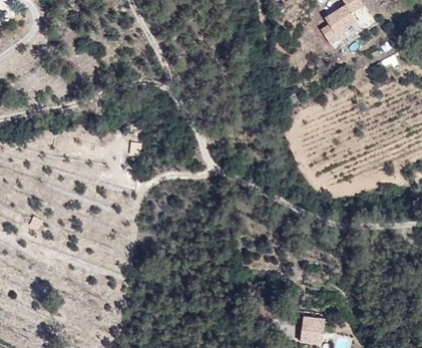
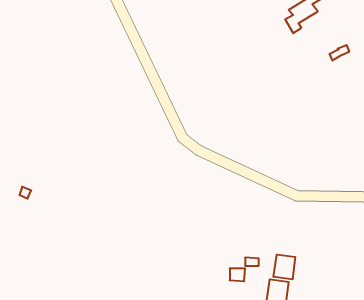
building: none -> [273,255,295,279]

